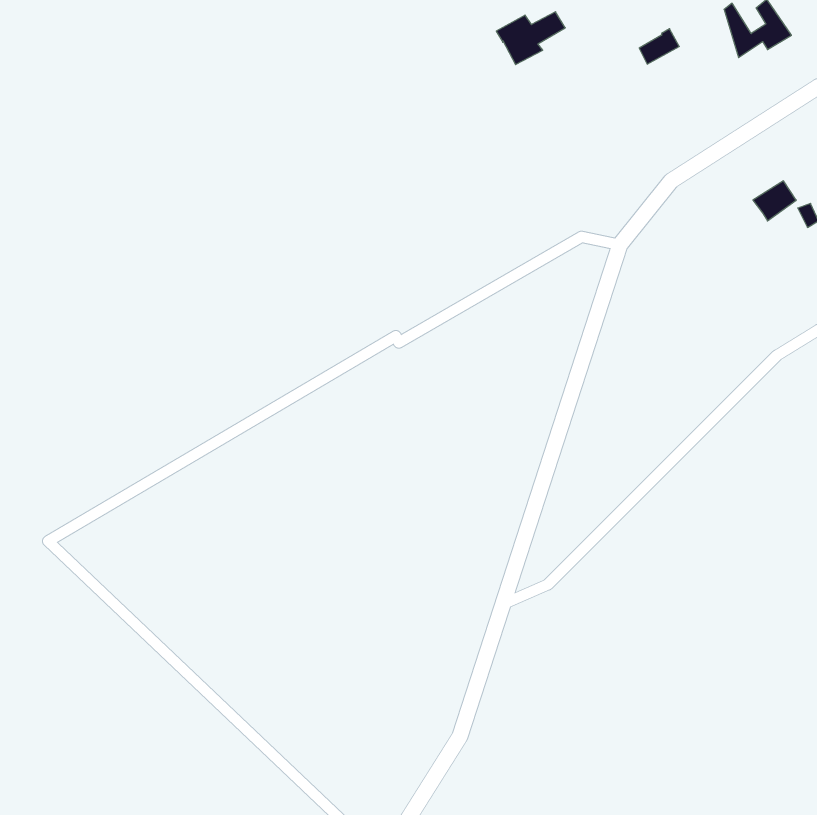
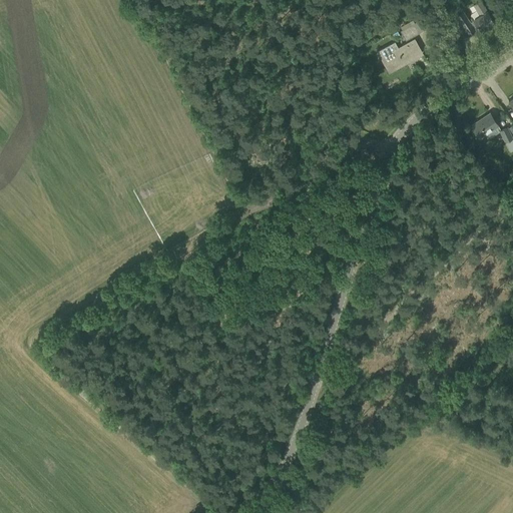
building: [496,12,565,65] -> [378,41,421,74]

